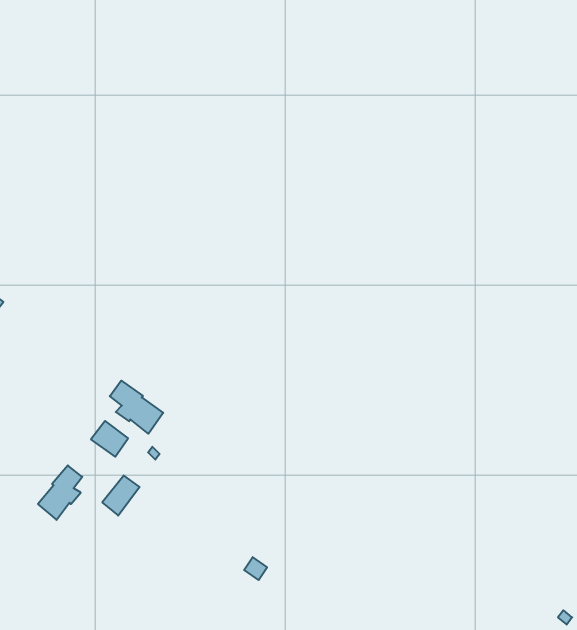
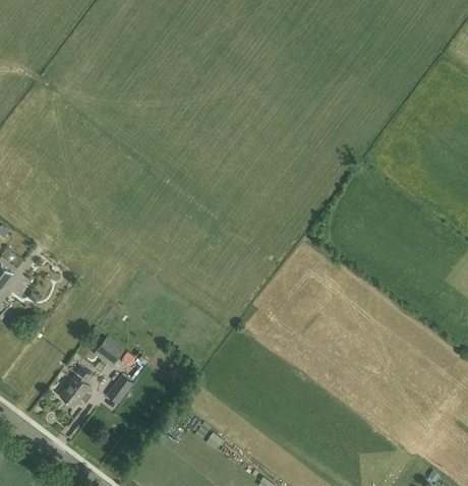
building: [110,381,163,434] -> none

